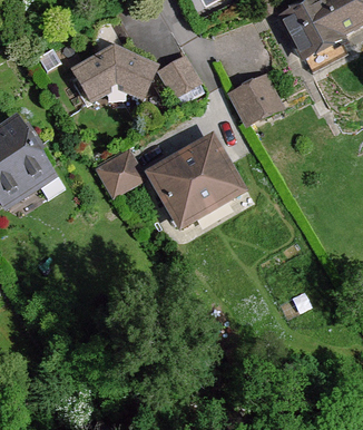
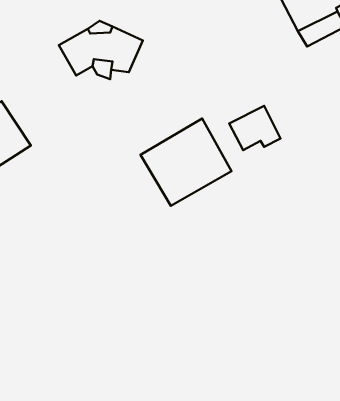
building: [159,55,200,97] -> none
building: [232,77,281,119] -> [229,106,280,150]
building: [97,149,144,195] -> none

